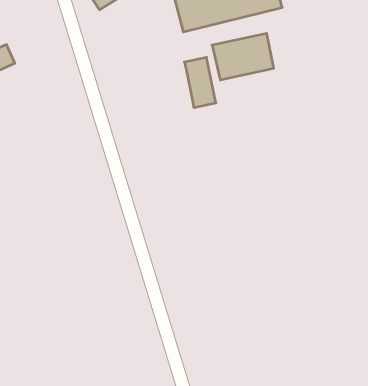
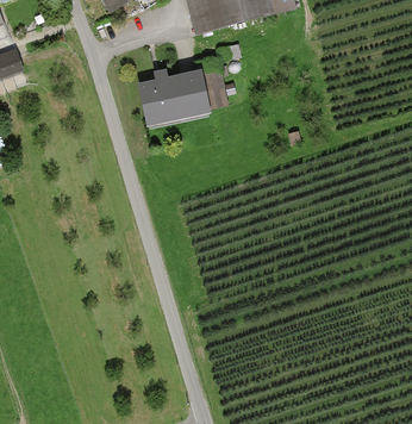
building: [212,33,274,80] -> [142,76,205,124]

